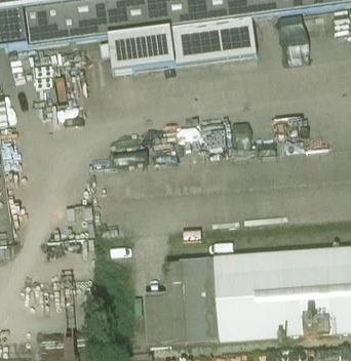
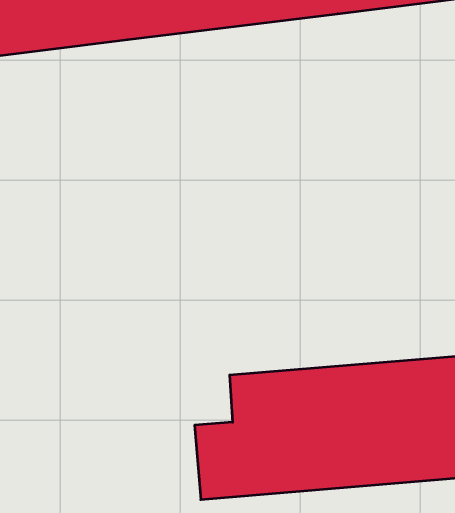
building: [98,16,255,71] -> none

